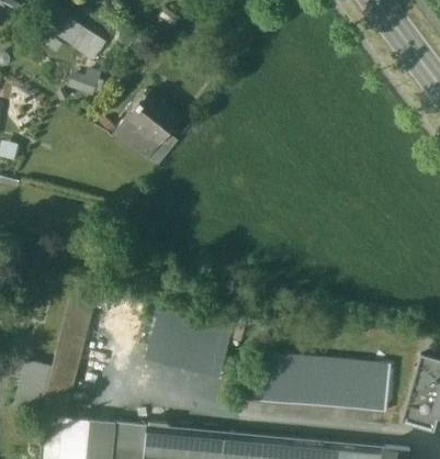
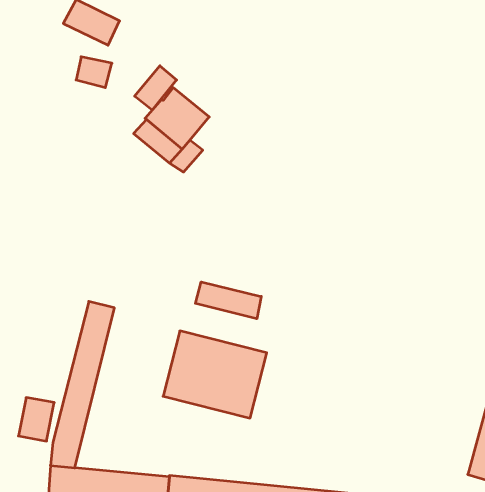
building: none -> [135,66,177,110]
building: none -> [195,282,261,319]
building: [244,354,391,414] -> none

